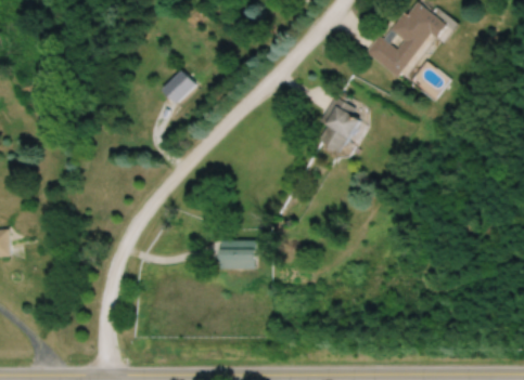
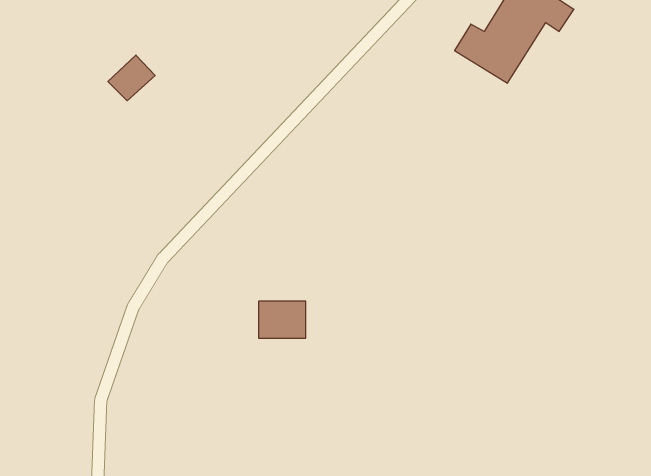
building: [159,69,194,103] -> [108,55,155,101]
building: [319,96,360,156] -> none

